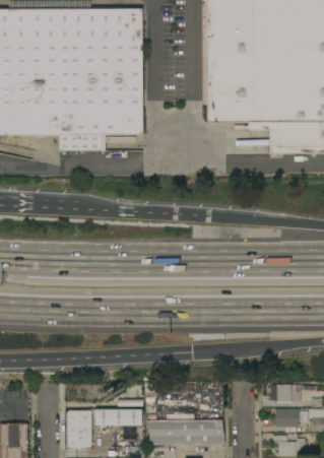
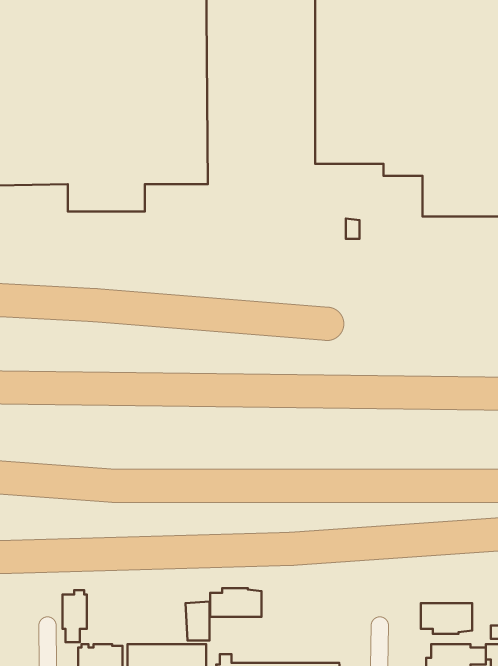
building: none -> [210,588,261,617]
building: none -> [63,590,87,642]

